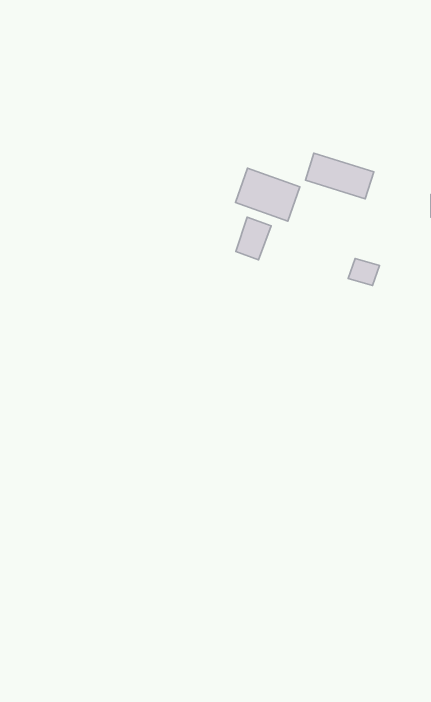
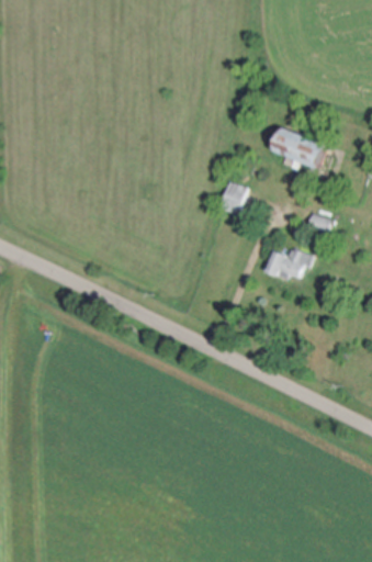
building: [235,168,300,221] -> none
building: none -> [266,247,311,280]

